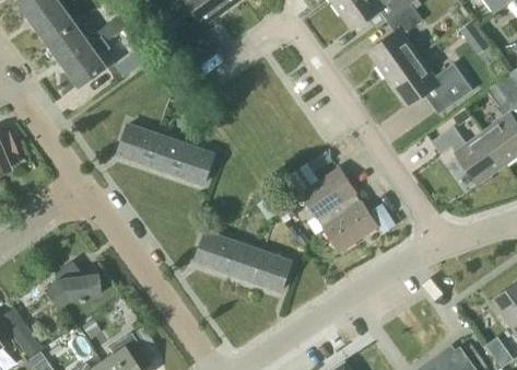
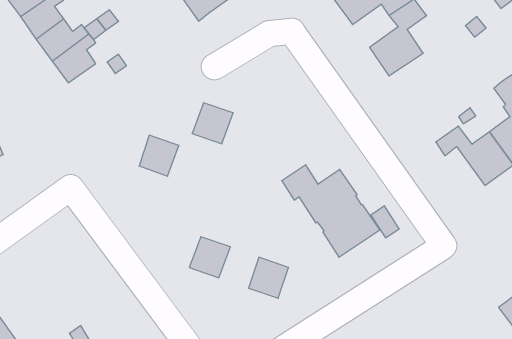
building: [387,57,473,107] -> none
building: [118,126,157,165] -> none
building: [175,146,214,185] -> [192,103,233,144]
building: [224,243,262,282] -> none
building: [44,264,98,308] -> none

